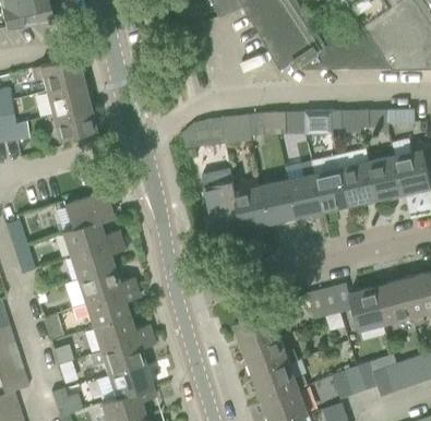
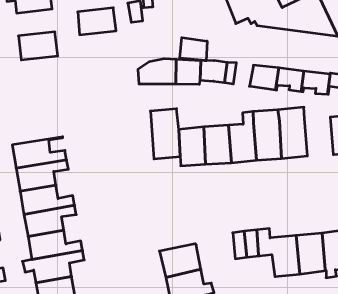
building: [46,82,89,116] -> [78,8,116,35]
building: none -> [180,38,207,61]
building: [368,155,404,200] -> none
building: [61,192,113,232] -> none

